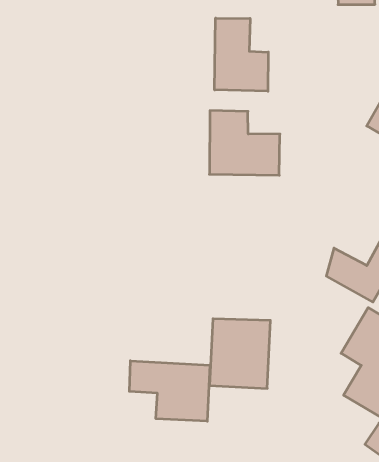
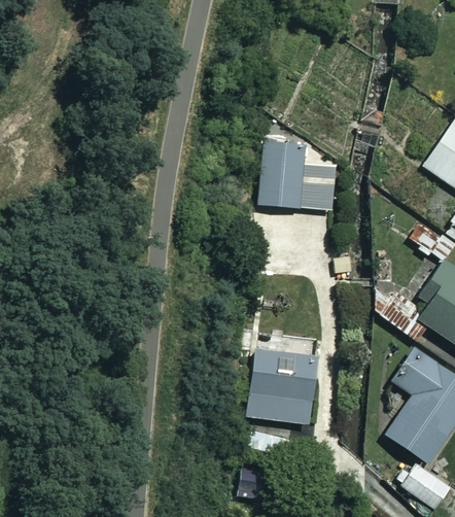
building: [215,18,268,91] -> none
building: [129,361,210,421] -> none

